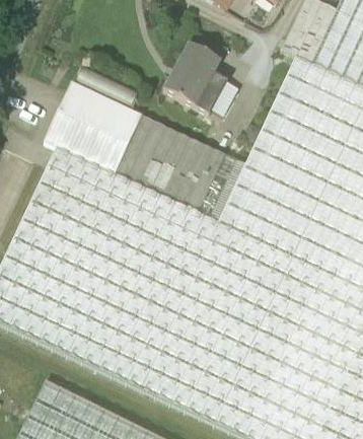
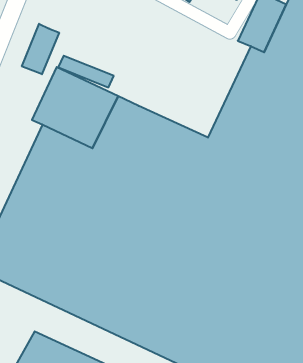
building: [163,32,227,116] -> none
building: none -> [22,24,59,74]

